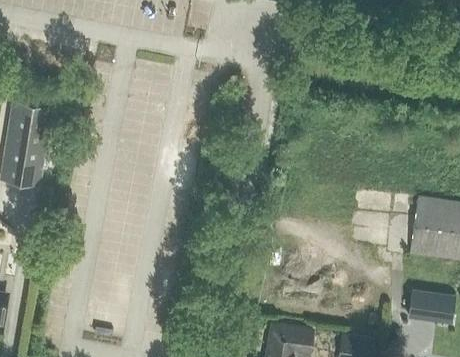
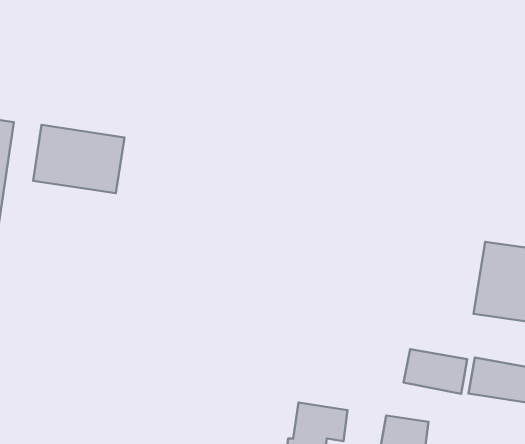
building: none -> [33,125,124,193]
building: none -> [403,349,467,394]

